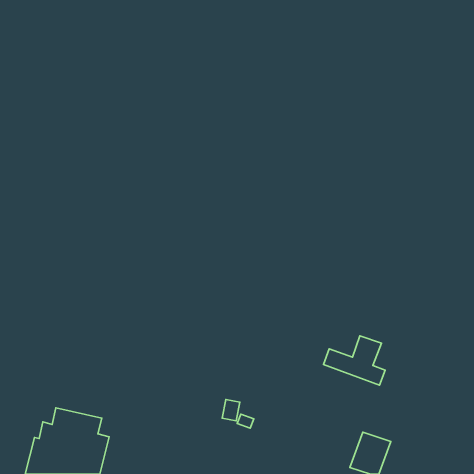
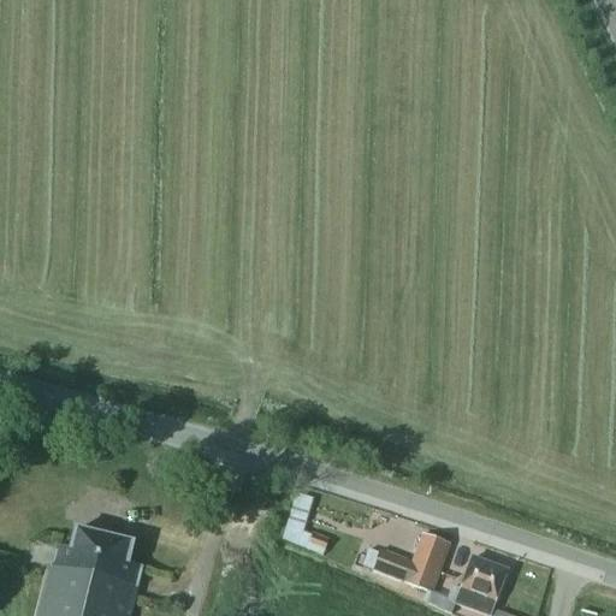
building: [323,336,385,385] -> [374,533,454,597]

